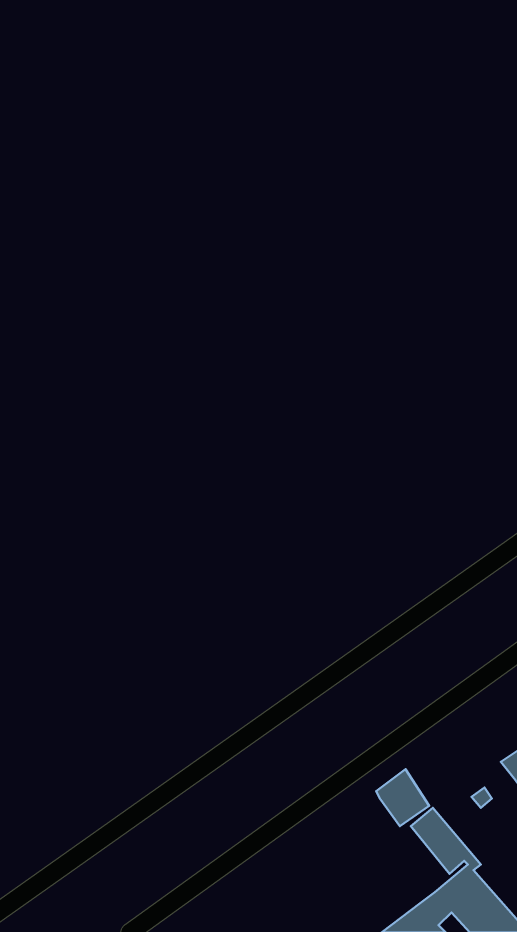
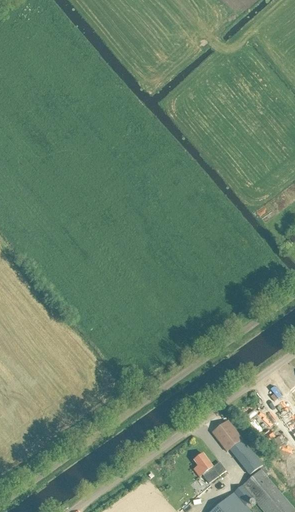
building: none -> [193,453,219,482]

